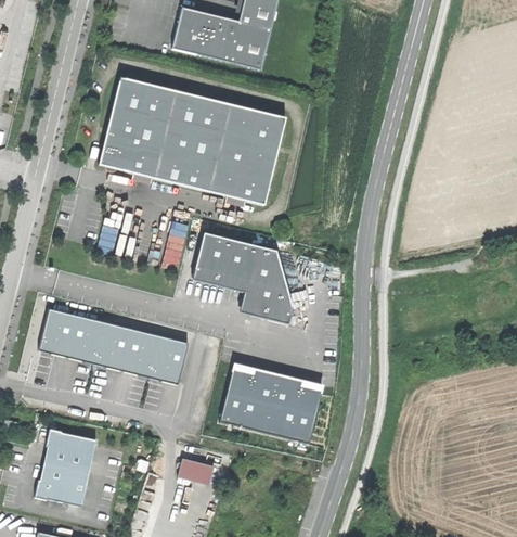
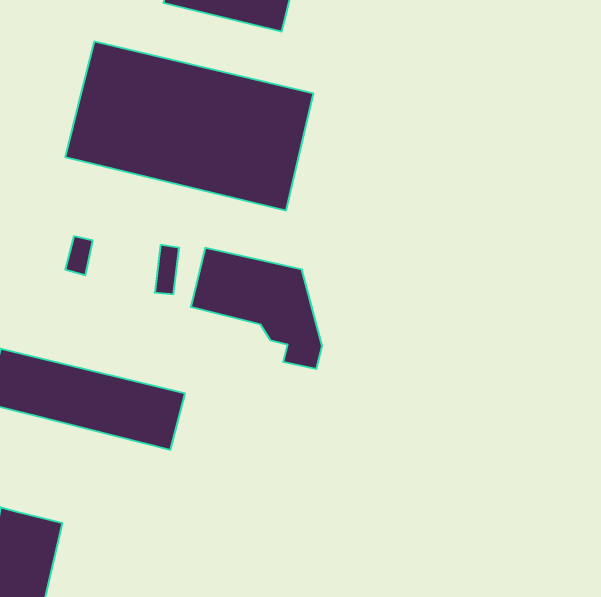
building: [192,277,266,318] -> none
building: [220,362,323,443] -> none
building: [179,458,215,484] -> none

